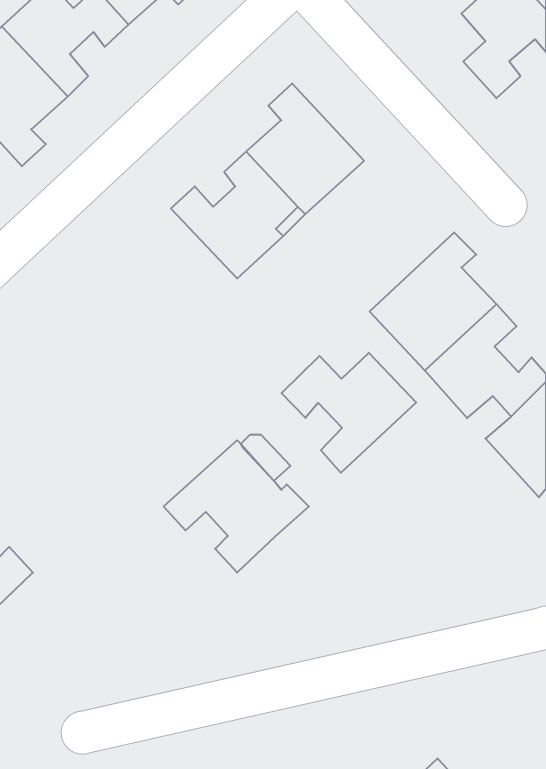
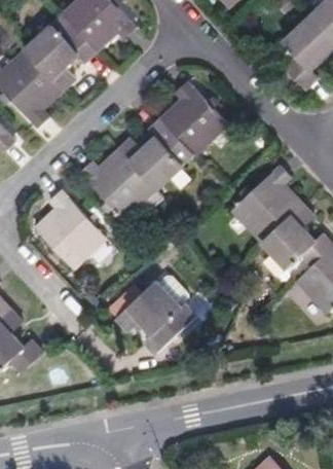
building: none -> [80,150,163,219]
building: none -> [36,188,106,266]
building: [282,353,416,473] -> none

